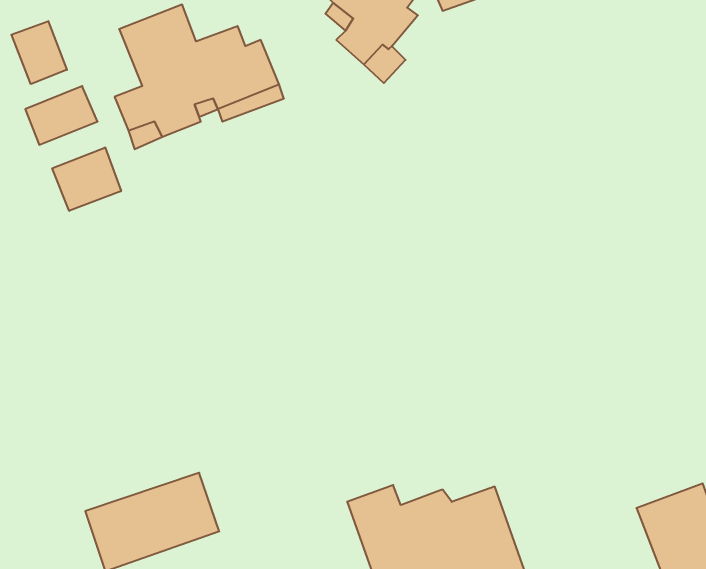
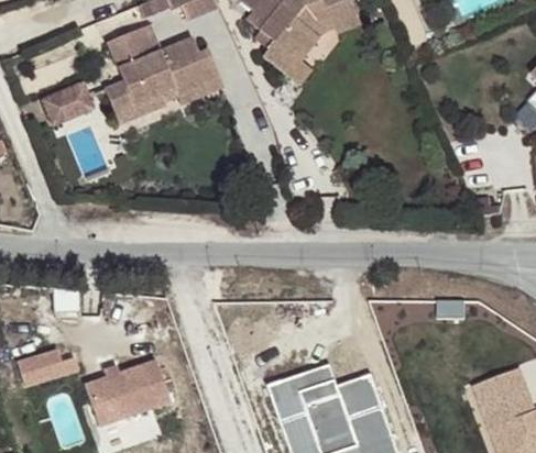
building: [11,21,67,84] -> none
building: [52,147,121,211] -> none
building: none -> [22,340,79,383]

